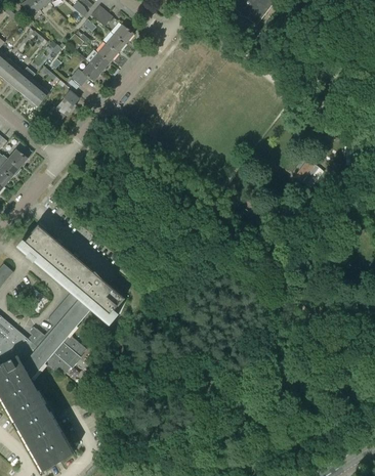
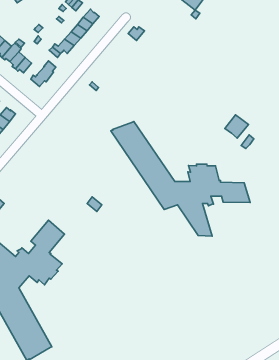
building: none -> [111,122,250,236]
building: [23,226,123,316] -> none

